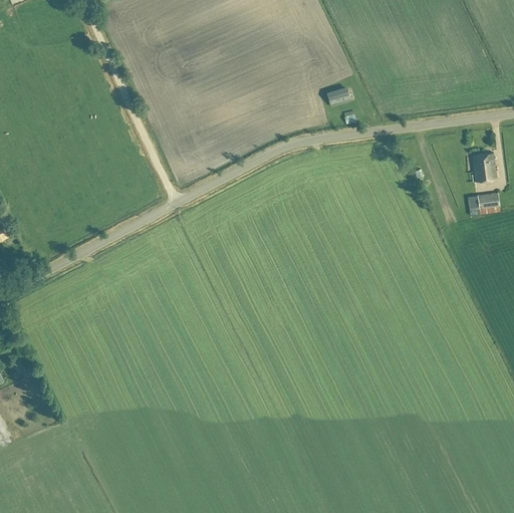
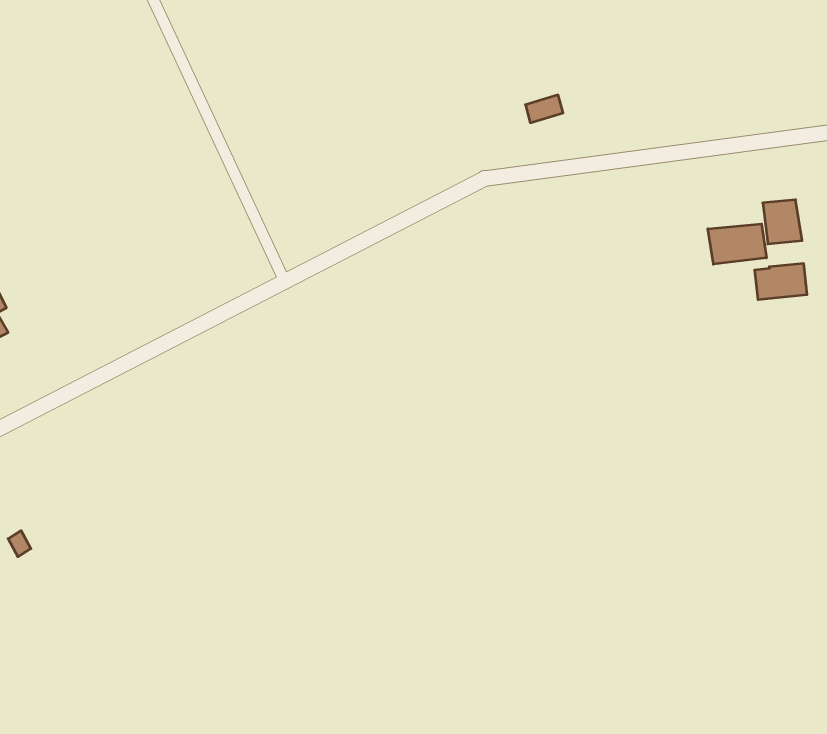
building: none -> [708,224,766,264]

